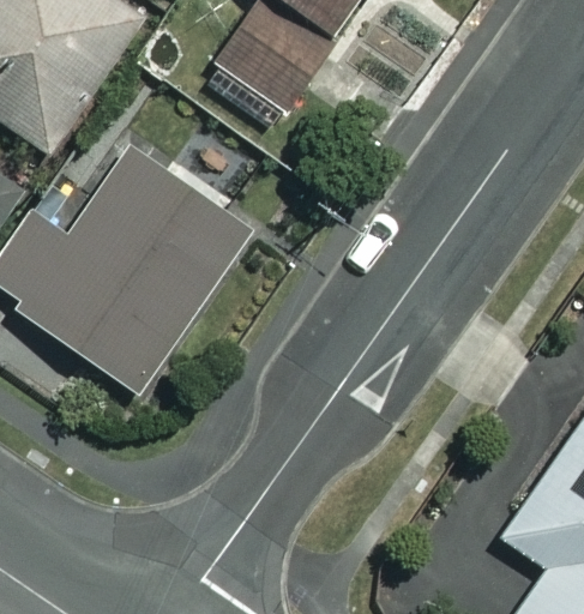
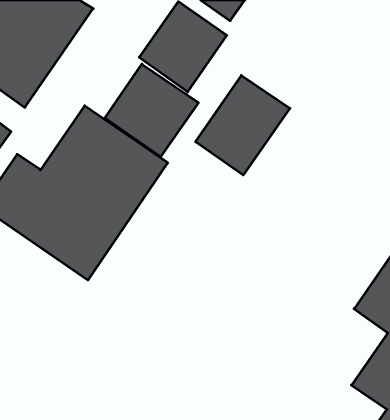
building: none -> [105,64,198,157]
building: none -> [196,75,290,175]

